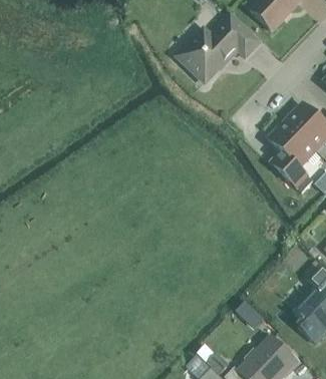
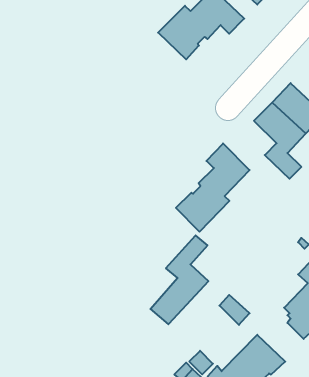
building: none -> [176,143,250,232]
building: none -> [150,235,208,324]

